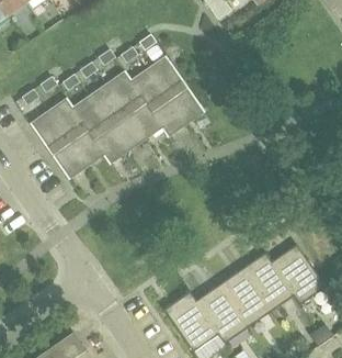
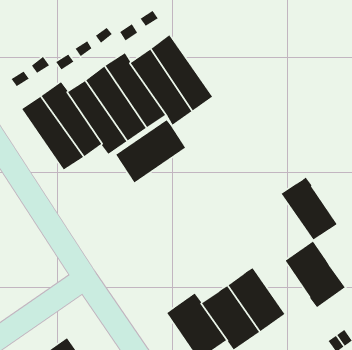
building: none -> [115,119,186,184]
building: [241,251,293,310] -> [281,177,337,241]

